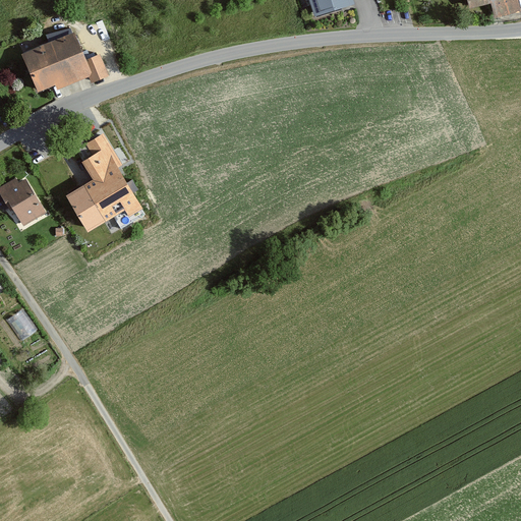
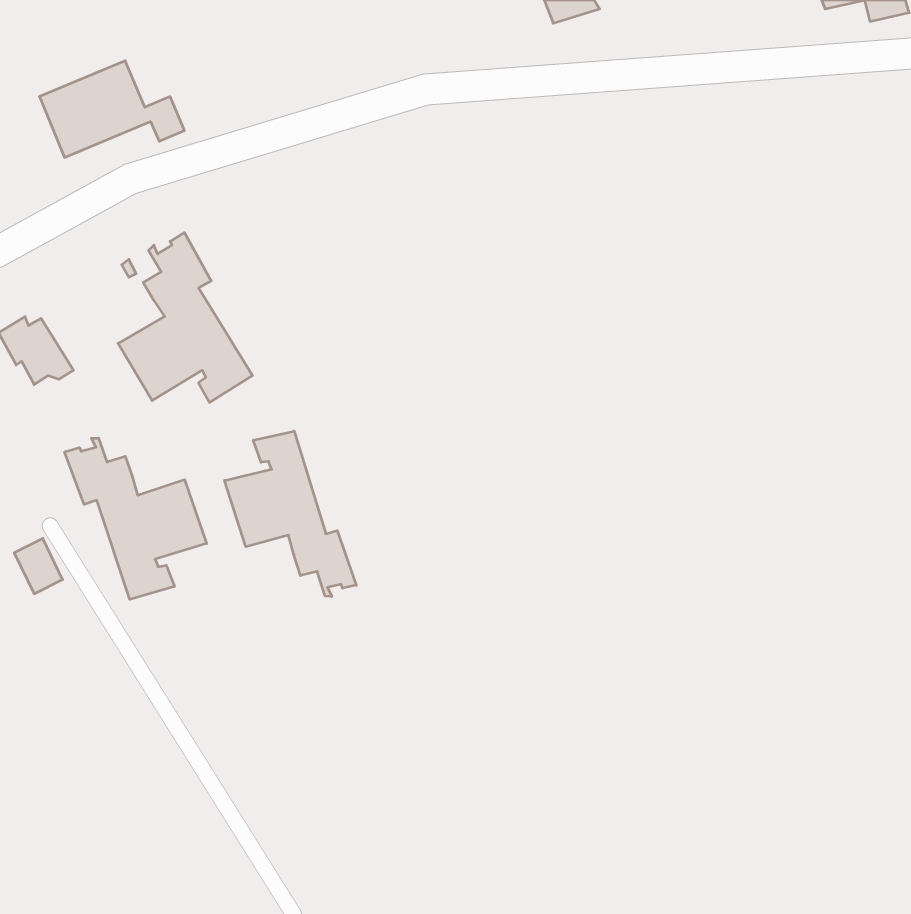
building: none -> [225,431,356,597]
building: none -> [65,438,207,599]

